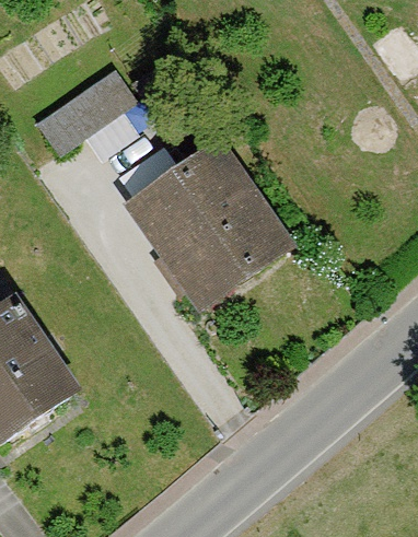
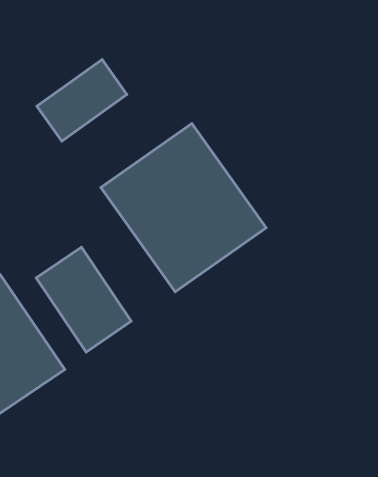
building: none -> [36,247,131,352]

